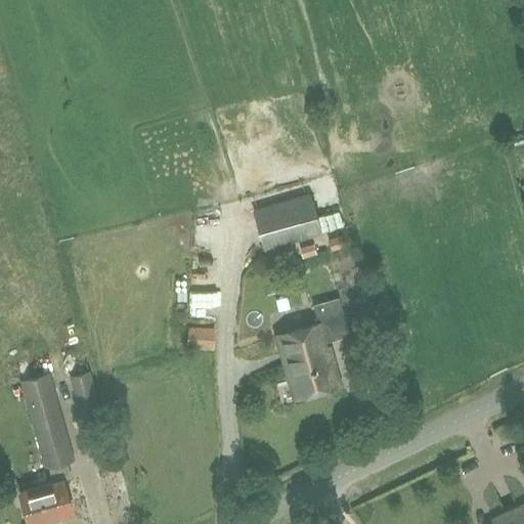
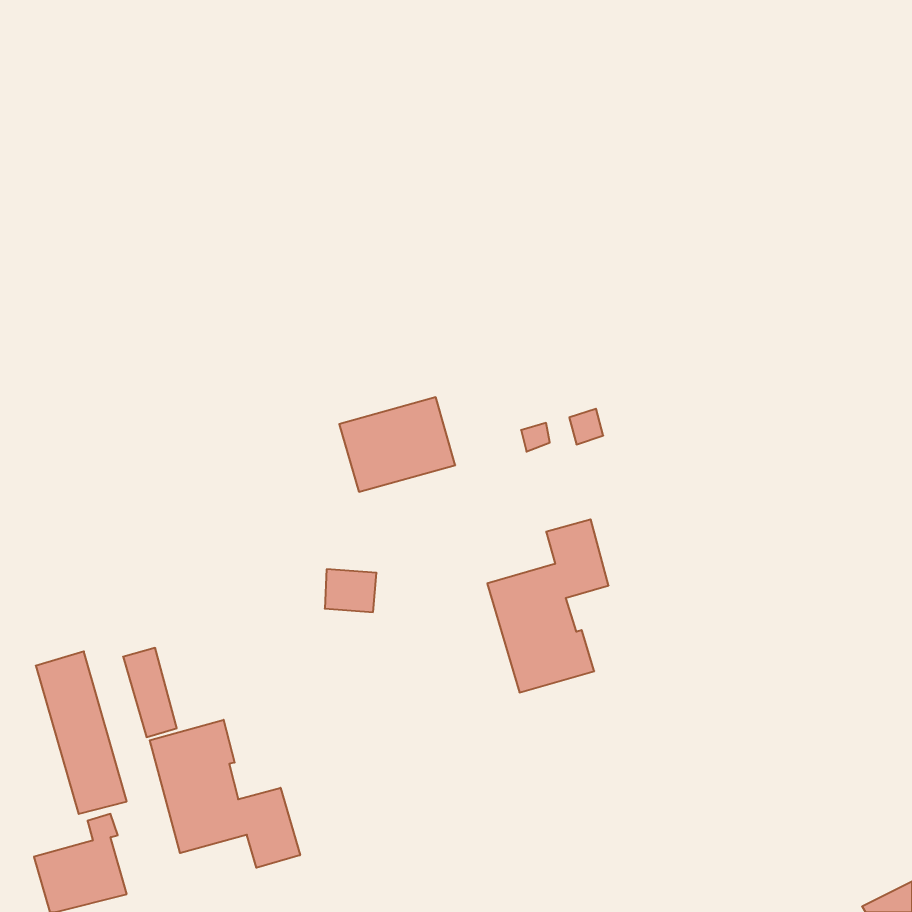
building: [254,194,320,249] -> [339,397,455,492]
building: none -> [150,720,300,868]

